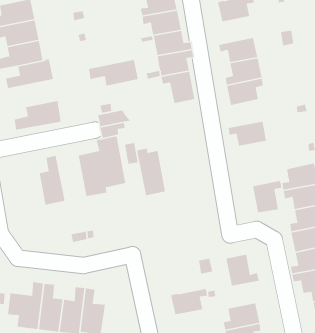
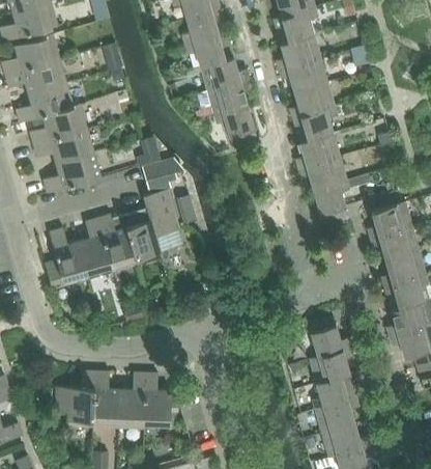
building: none -> [277,34,320,71]
building: [88,59,139,86] -> [33,129,94,164]
building: none -> [295,132,340,168]
building: [136,148,166,196] -> [97,214,137,272]
building: none -> [45,228,89,289]
building: [252,180,282,213] -> [313,181,349,222]
building: [170,288,208,315] -> [309,348,353,383]

